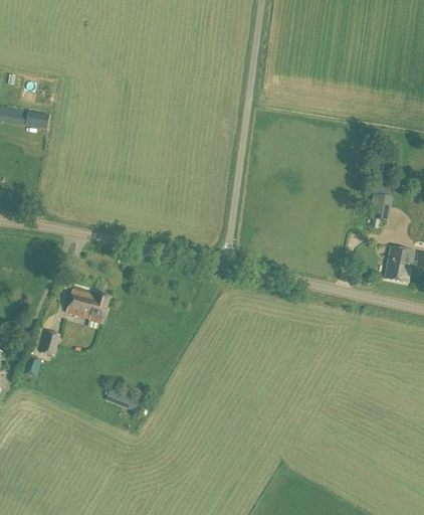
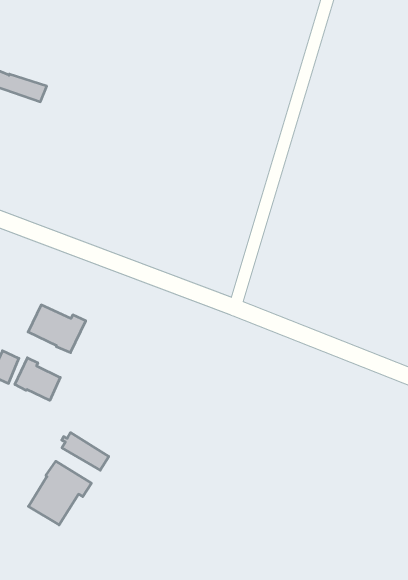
building: none -> [15,358,60,400]
building: none -> [28,461,91,525]

